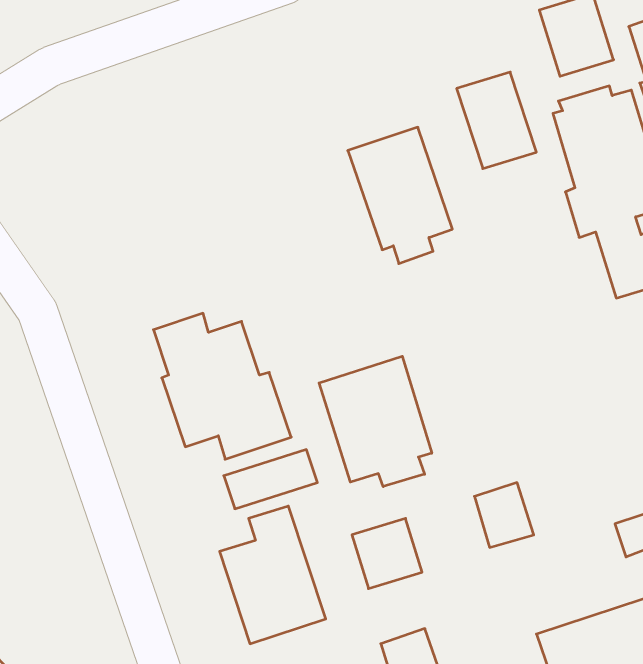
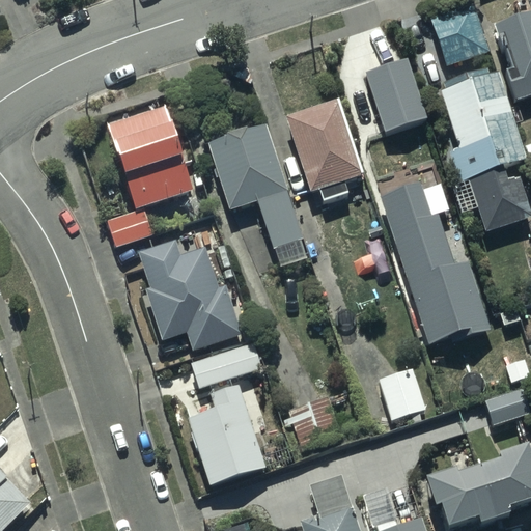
building: none -> [107,105,194,246]
building: none -> [208,124,303,250]
building: none -> [381,184,491,347]
building: [319,356,432,487] -> none

